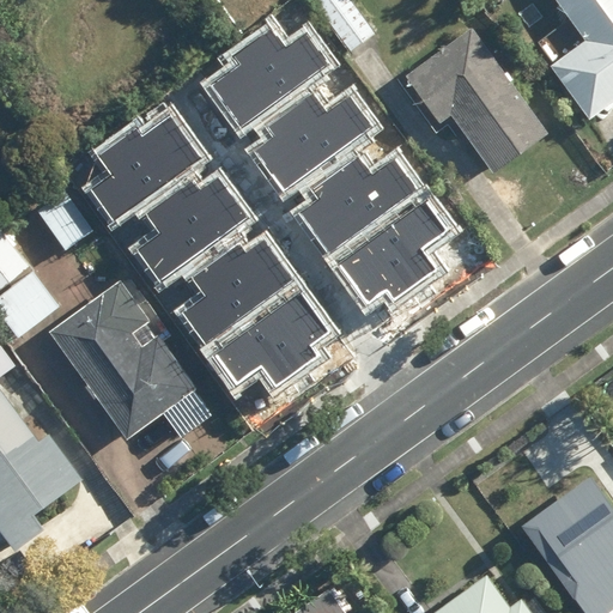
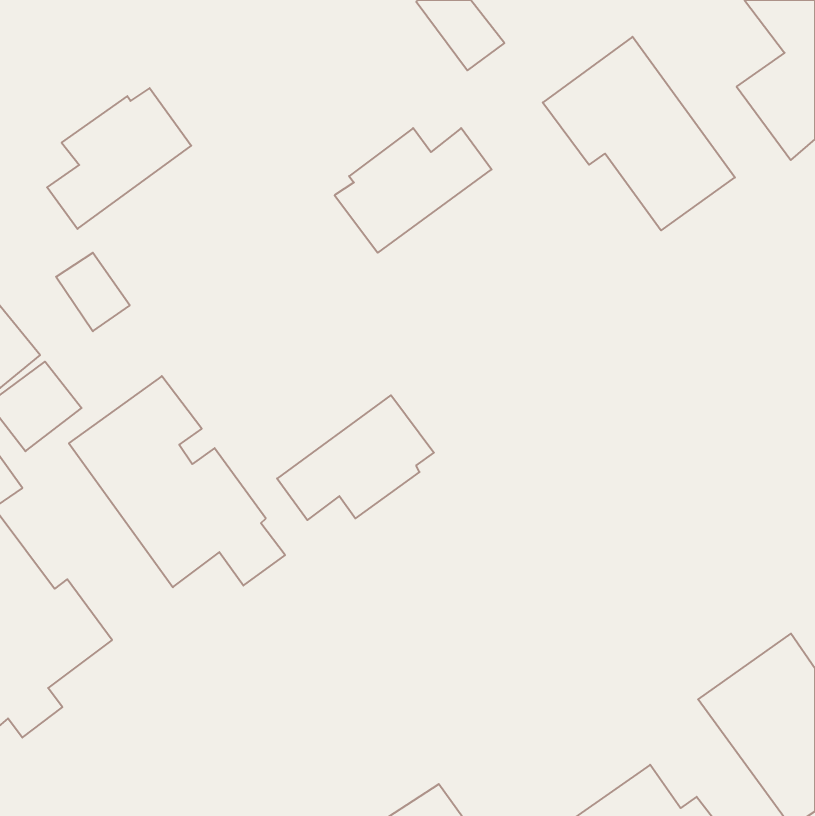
building: [210,34,326,126] -> none
building: [86,117,194,223] -> [47,88,191,229]
building: [296,159,413,253] -> none
building: [135,176,243,281] -> none
building: [342,199,450,304] -> none
building: [182,237,290,342] -> none

